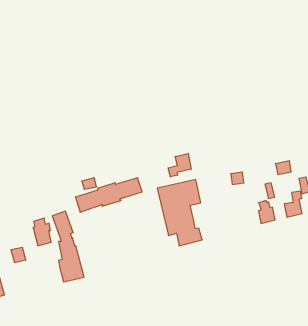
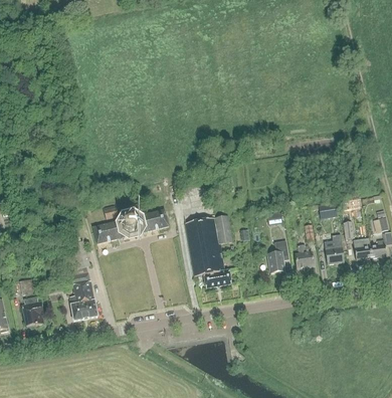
building: [168,153,191,177] -> none
building: none -> [267,241,287,272]
building: [33,218,51,246] -> [23,295,42,326]

